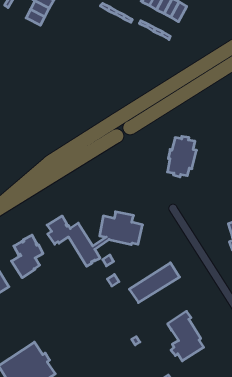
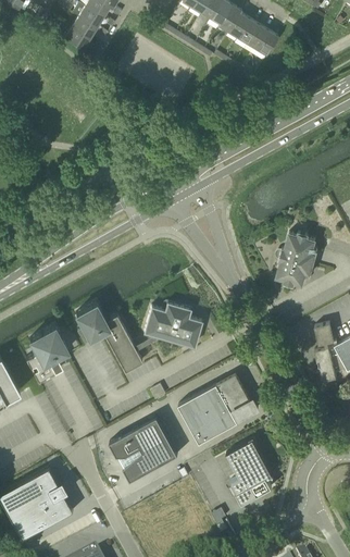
building: [167,136,197,177] -> [277,233,317,286]
building: none -> [190,394,260,444]
building: none -> [111,417,179,482]

